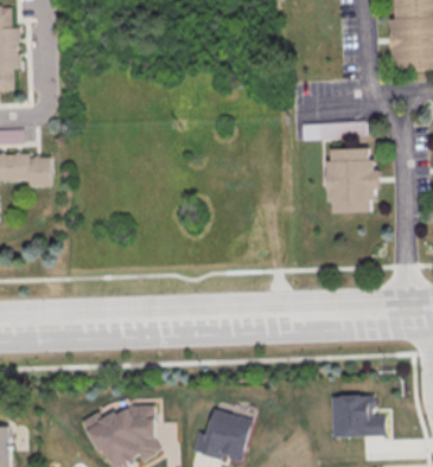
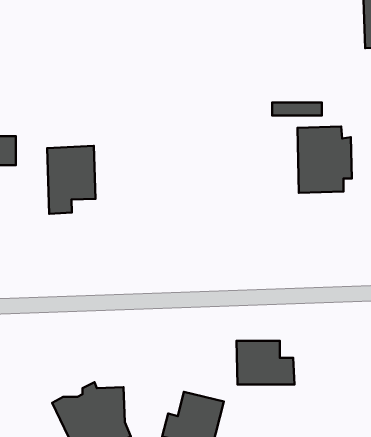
building: none -> [47,146,95,214]
building: [331,395,388,437] -> [236,341,294,384]

